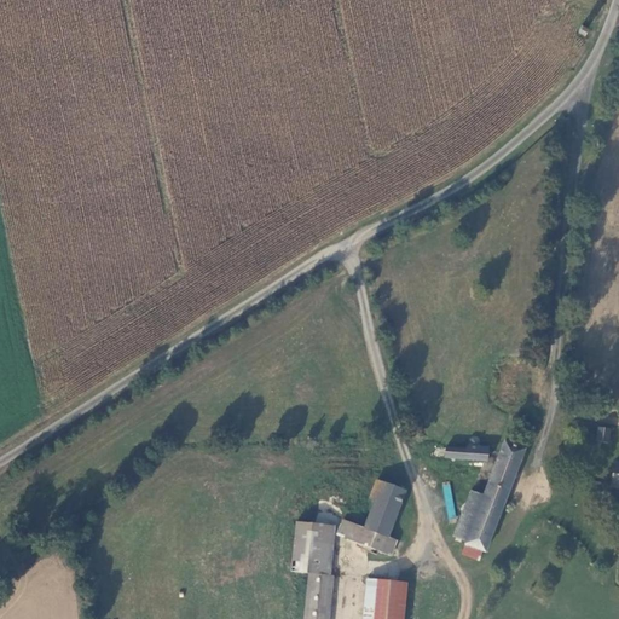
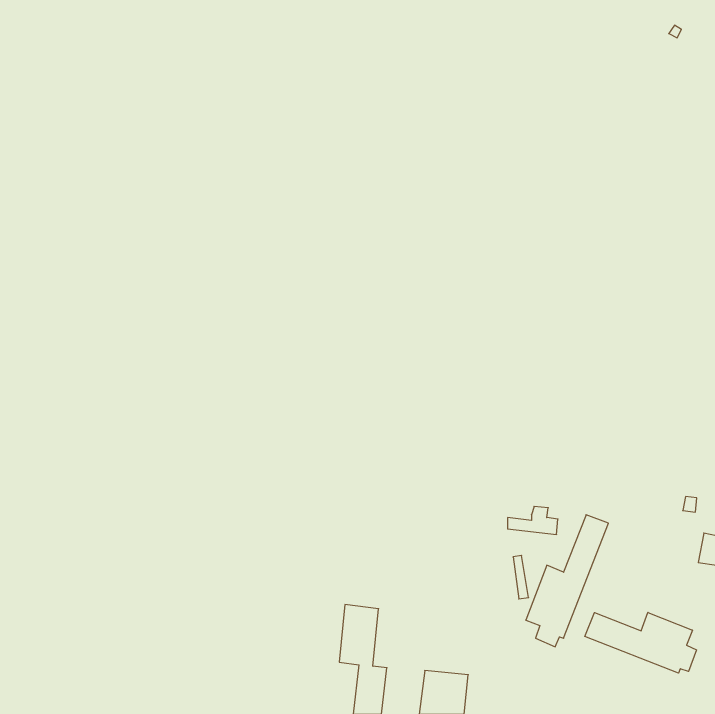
building: [339,478,407,554] -> none
building: none -> [585,612,696,673]

